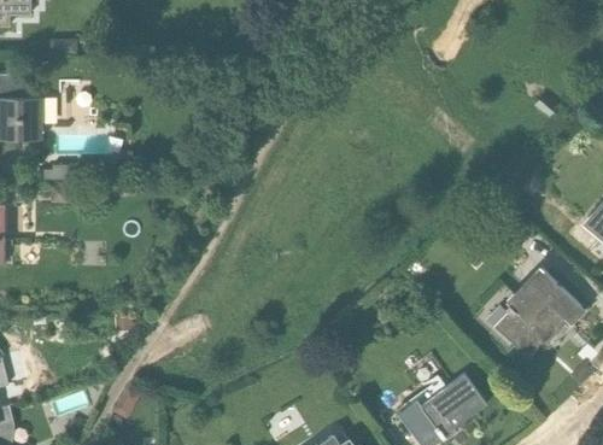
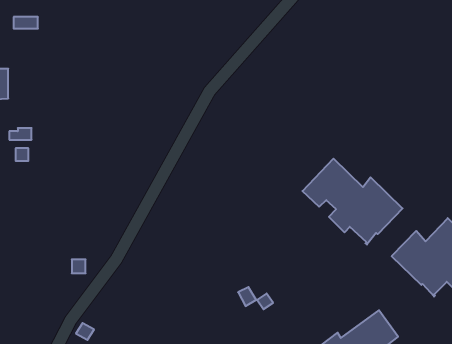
building: none -> [302,159,403,245]

